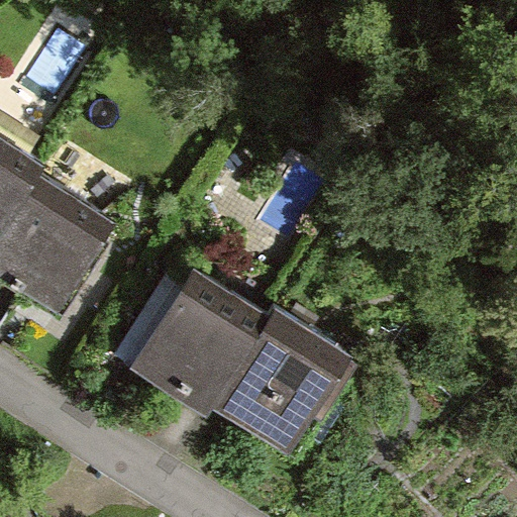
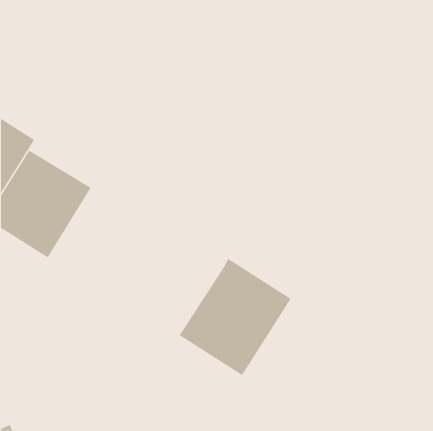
building: [135,271,267,408] -> none

